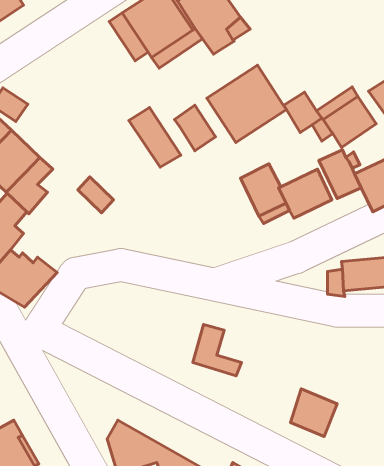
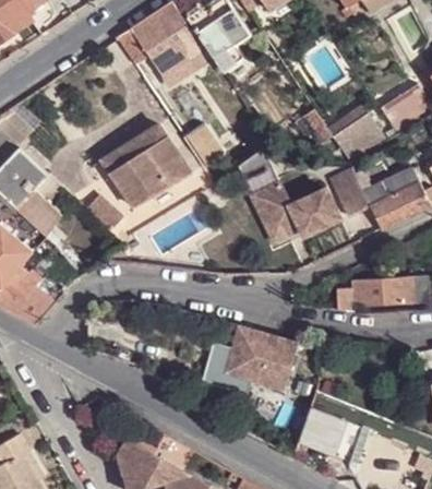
building: [207,65,286,143] -> none
building: none -> [100,138,168,207]
building: none -> [225,326,297,390]

